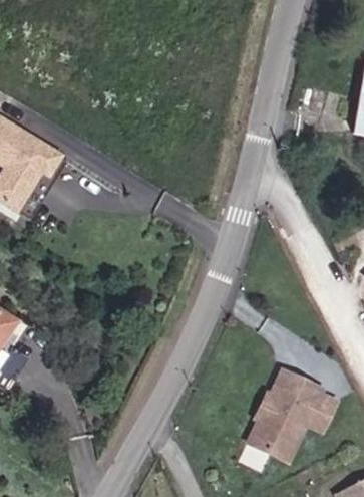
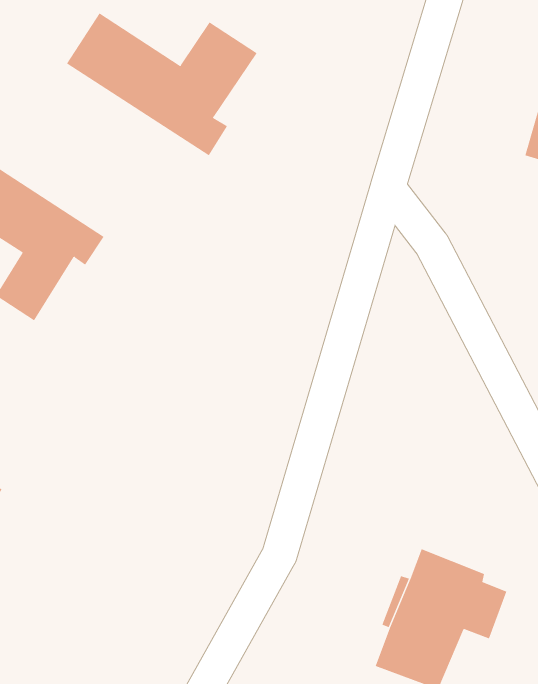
building: none -> [66,13,257,156]

